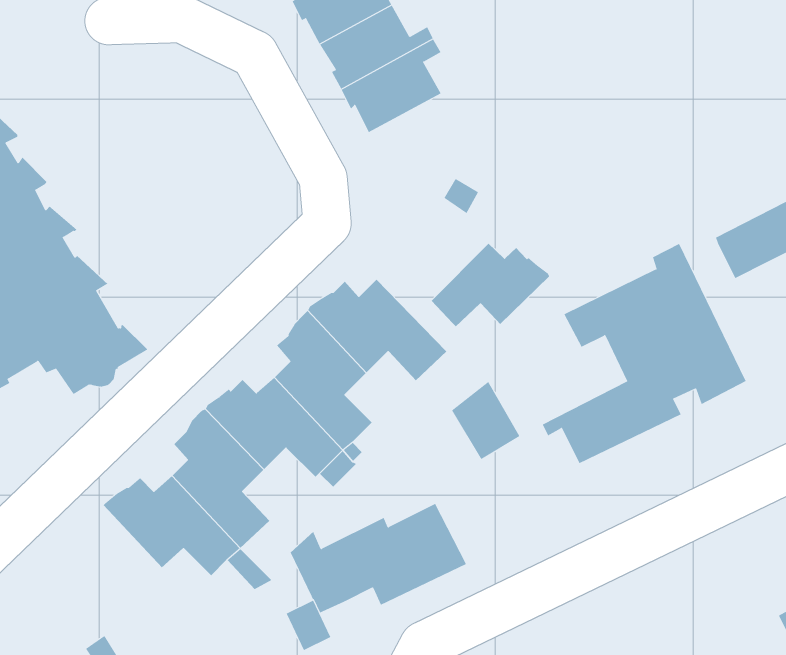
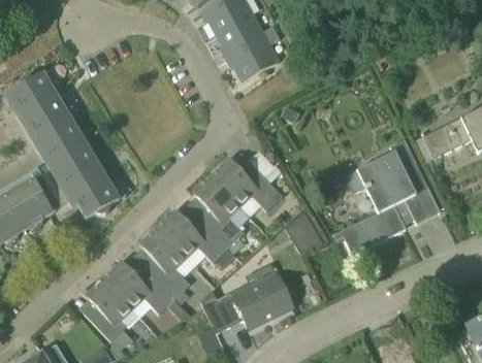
building: [431,243,550,327] -> none
building: none -> [83,275,132,349]

